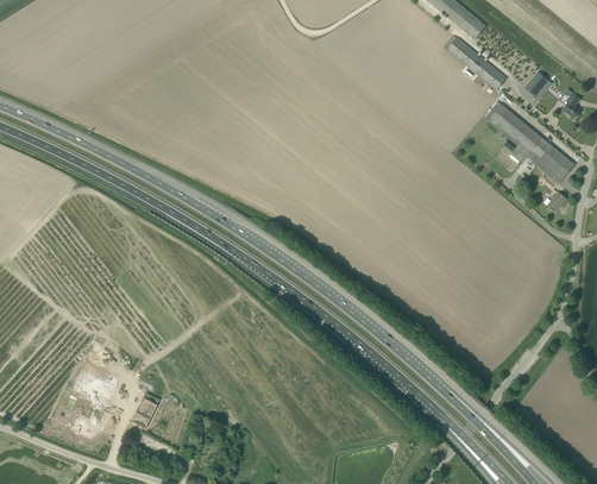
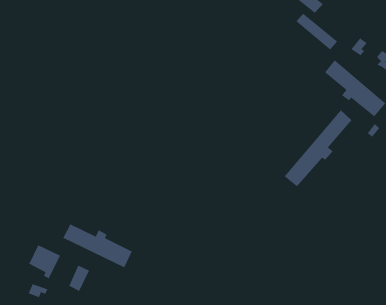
building: none -> [284,110,352,187]
building: none -> [62,223,132,268]

